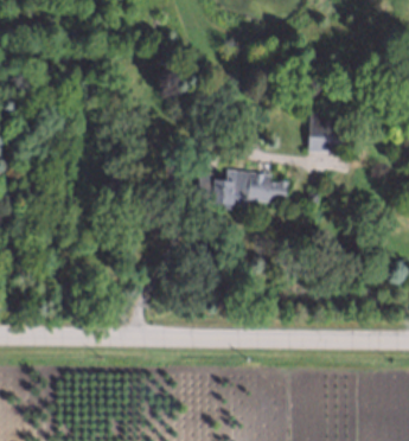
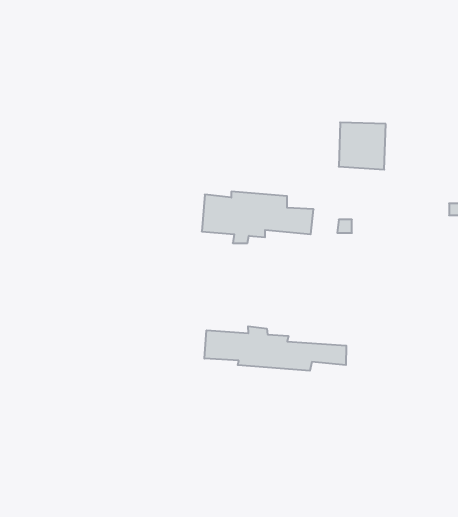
building: none -> [204,326,346,371]

